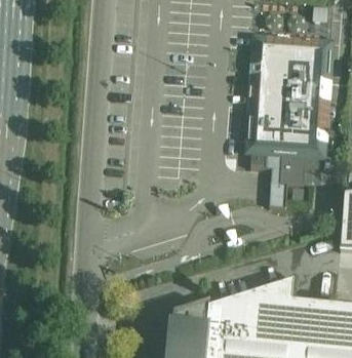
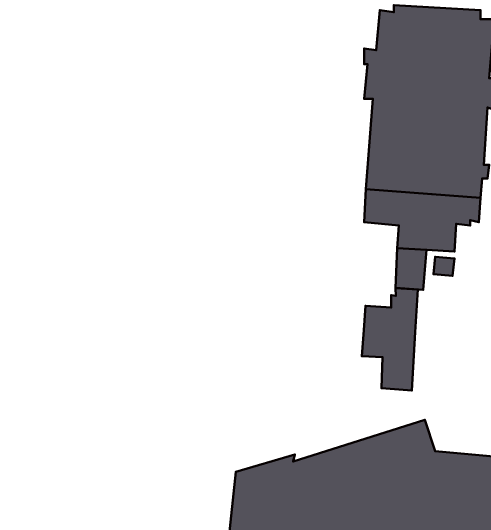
building: none -> [362,288,418,391]

